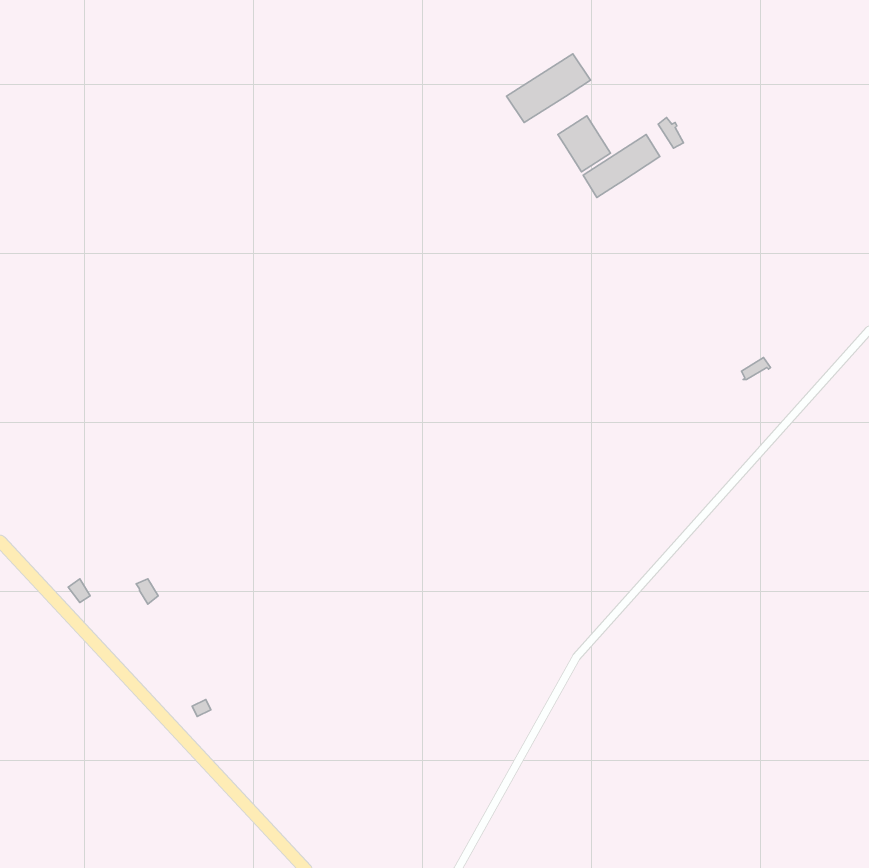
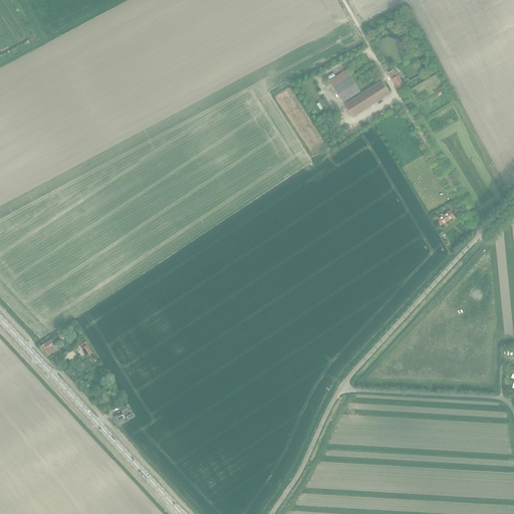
building: [506,54,591,123] -> none

